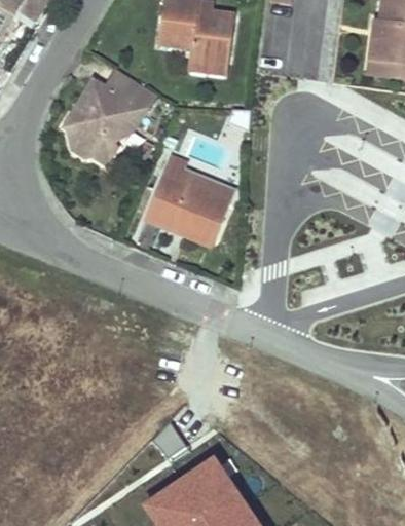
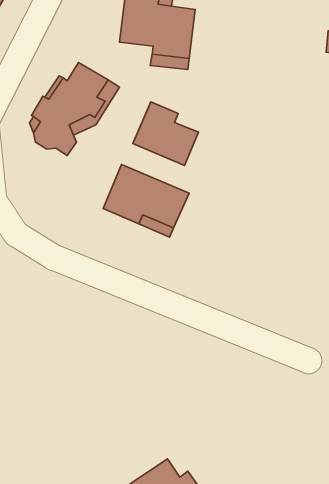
building: none -> [133,102,198,166]

